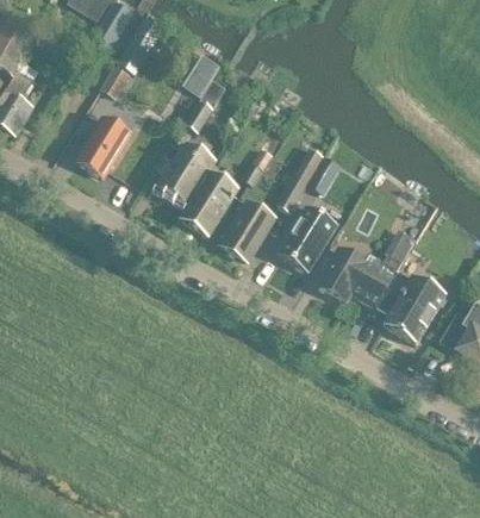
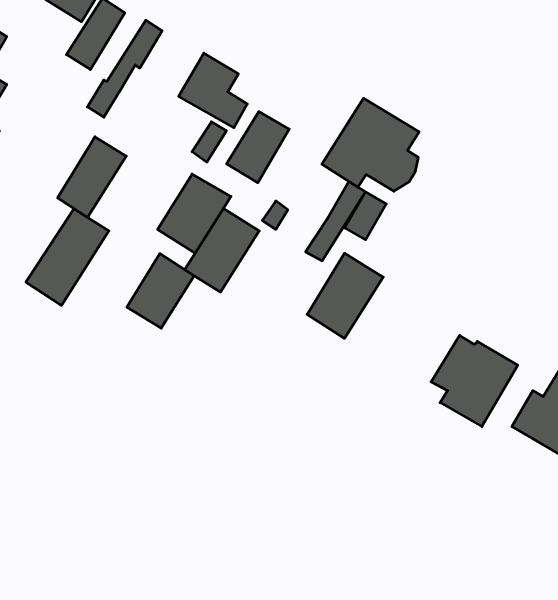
building: none -> [322,98,419,191]
building: none -> [227,112,289,183]
building: none -> [26,209,109,305]
building: [222,201,275,261] -> [127,254,194,328]
building: [320,231,416,308] -> none

